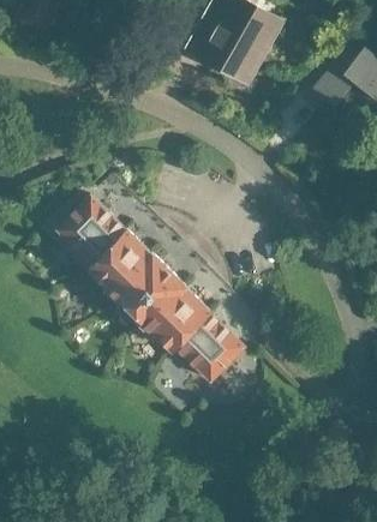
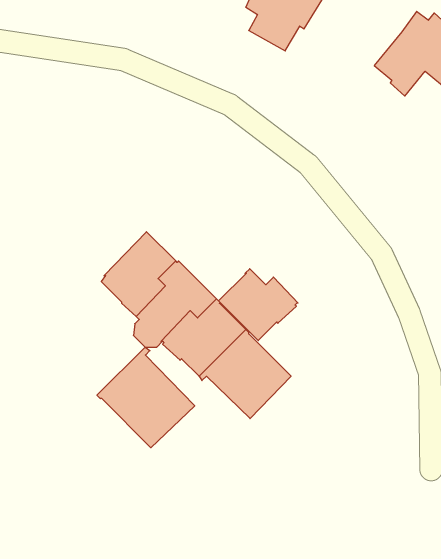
building: [55,196,125,264] -> none
building: none -> [219,269,298,341]
building: none -> [97,347,195,448]

